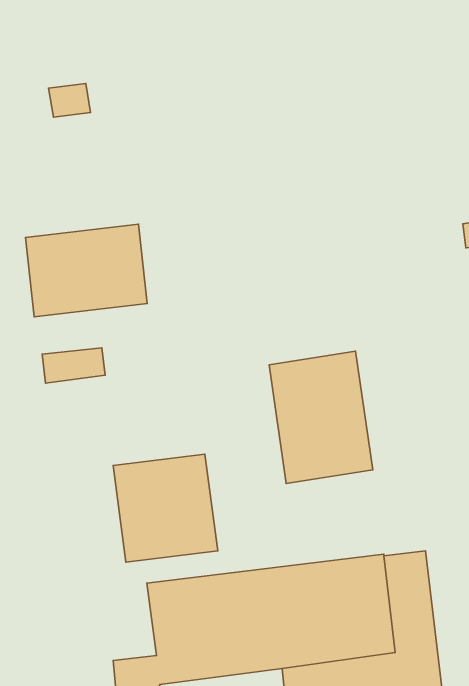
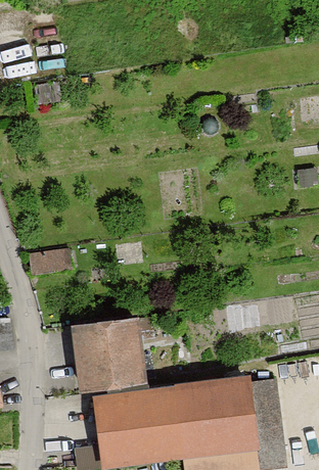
building: [25,224,147,317] -> none
building: [269,351,373,483] -> none

